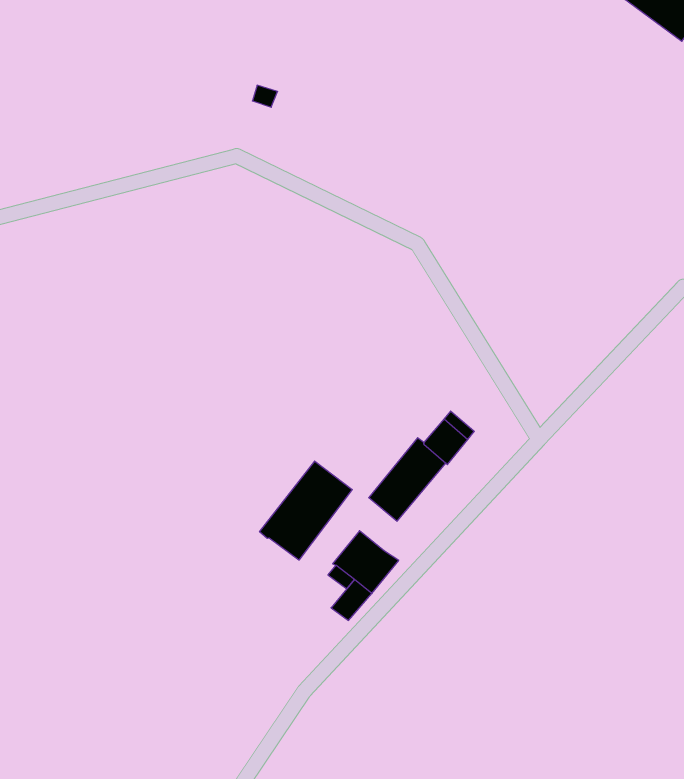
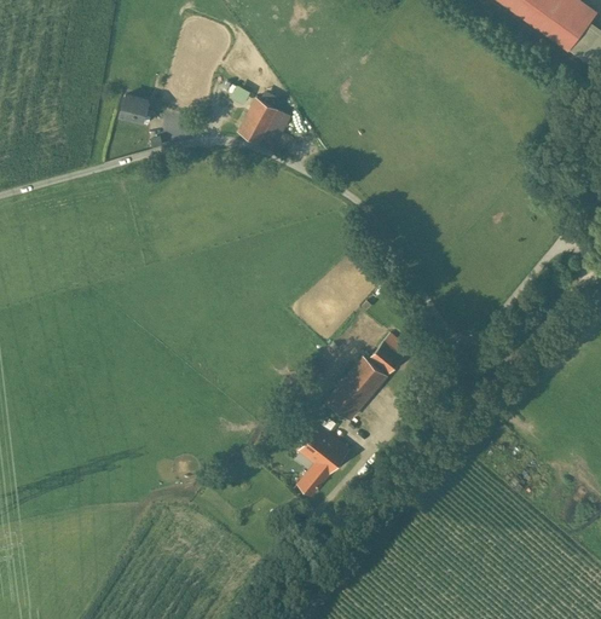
building: none -> [120,94,151,122]
building: none -> [238,97,289,150]
building: [260,461,352,560] -> none

